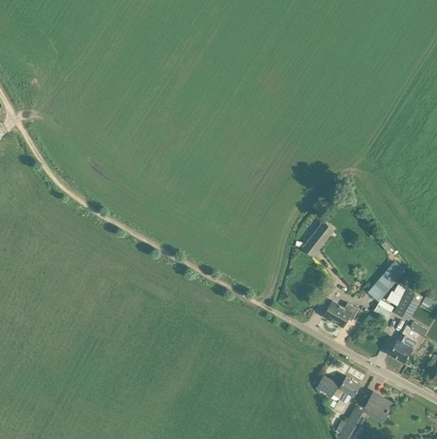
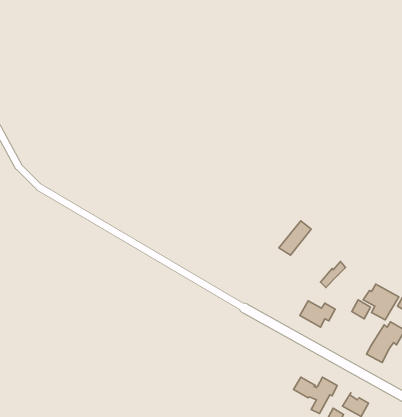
building: [373,260,405,293] -> none

